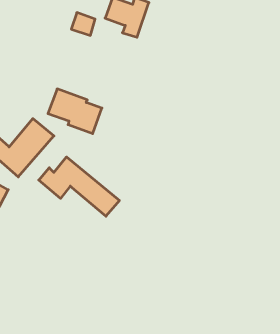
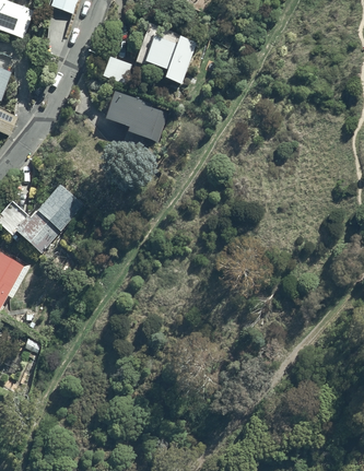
building: [48,89,102,134] -> [104,90,168,143]
building: [39,157,119,216] -> none

